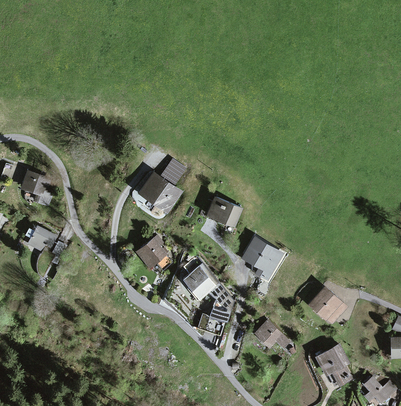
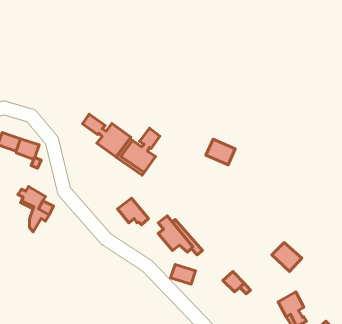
building: none -> [83,114,131,157]
building: [207,196,240,225] -> [206,139,235,165]
building: [243,238,279,278] -> none

